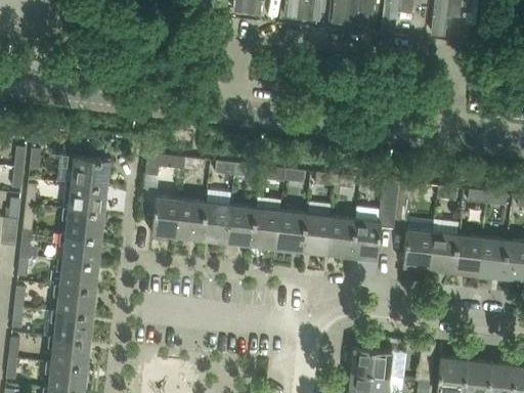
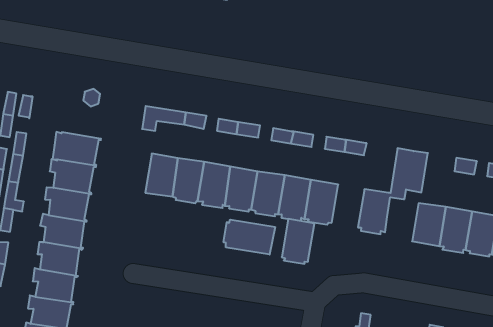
building: [68,157,111,186] -> none
building: [326,217,355,258] -> [282,219,314,264]
building: none -> [224,220,275,255]

